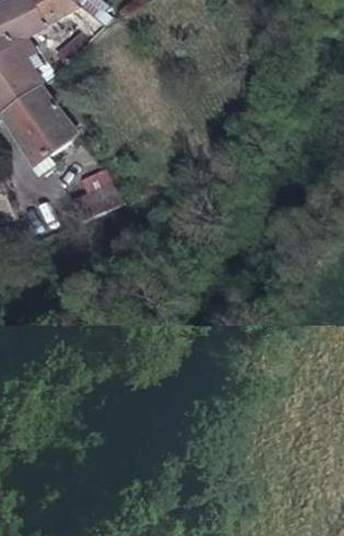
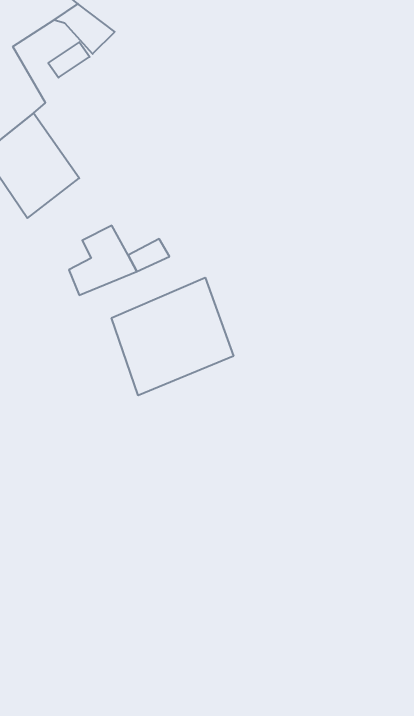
building: none -> [112,278,233,395]

